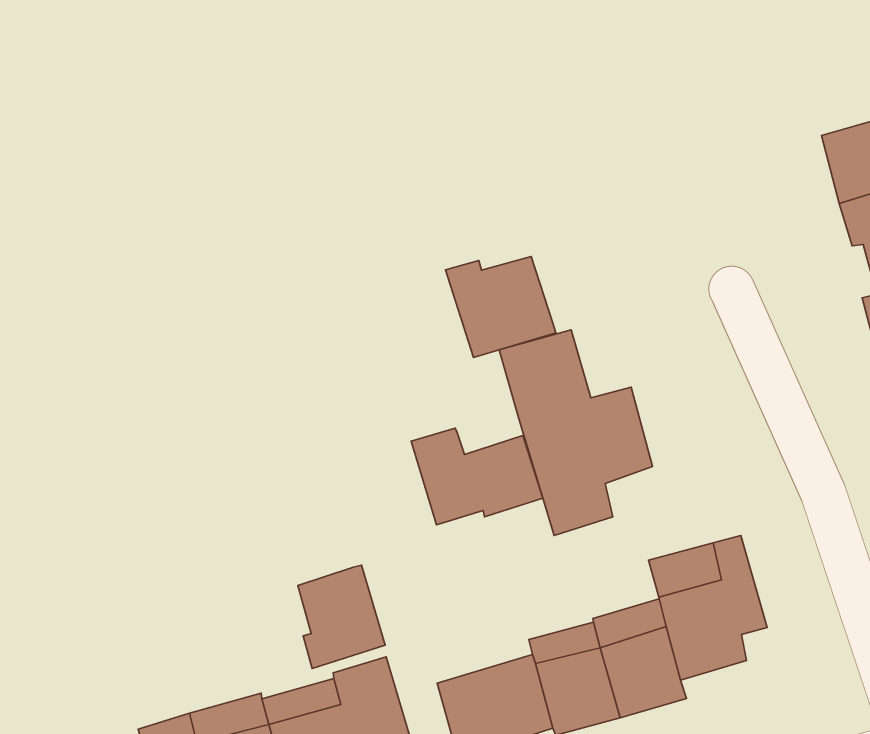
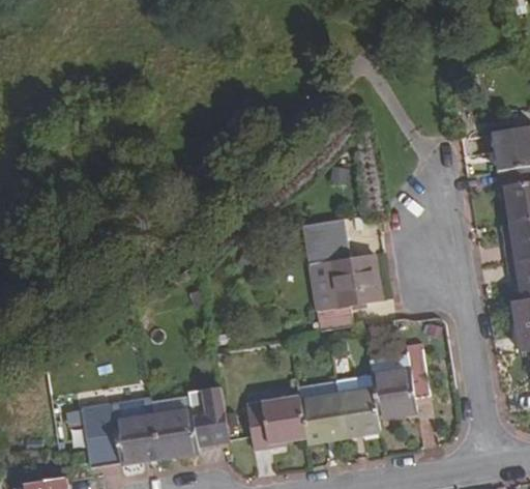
building: [445,256,556,358] -> none
building: [411,428,543,525] -> none
building: [298,565,385,668] -> none

